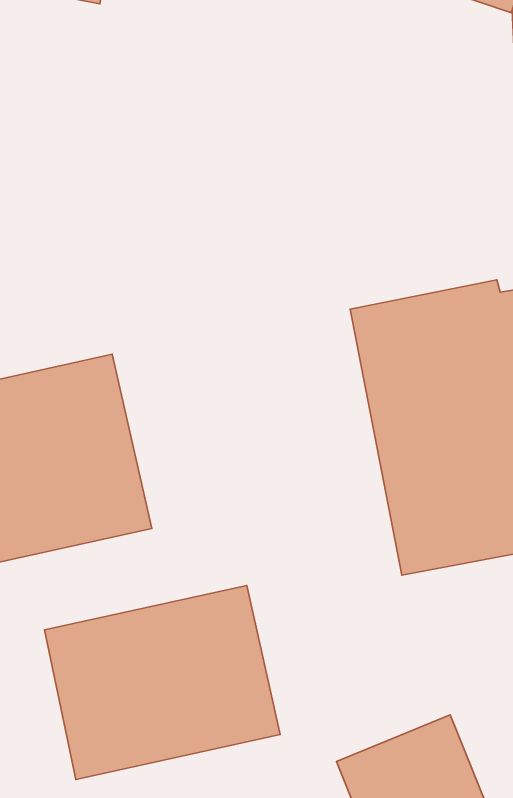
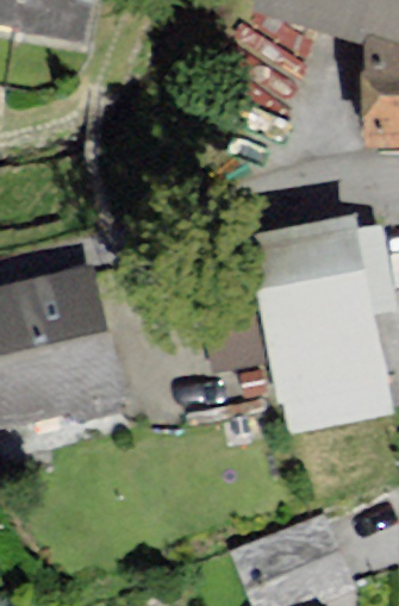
building: [44,586,280,779] -> none

